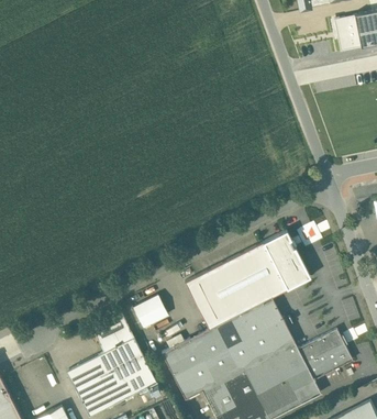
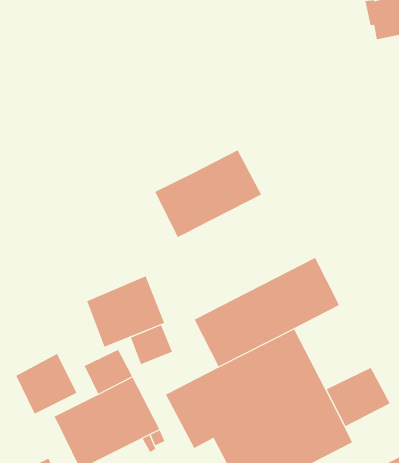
building: none -> [155,150,262,238]
building: none -> [86,276,165,347]
building: none -> [16,353,77,415]

